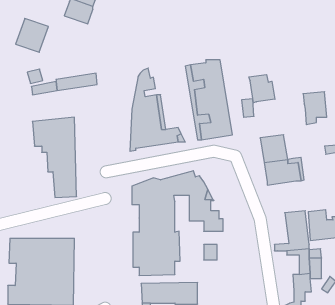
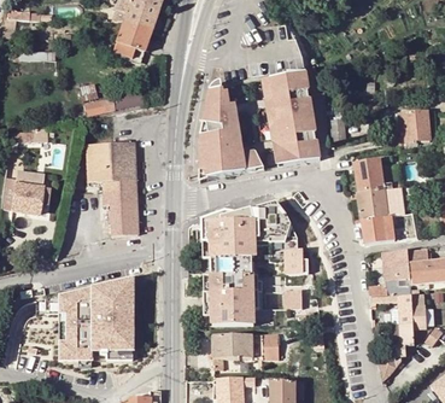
building: [16,18,48,52] -> [112,21,151,60]
building: [249,75,275,103] -> none
building: none -> [362,215,398,245]

